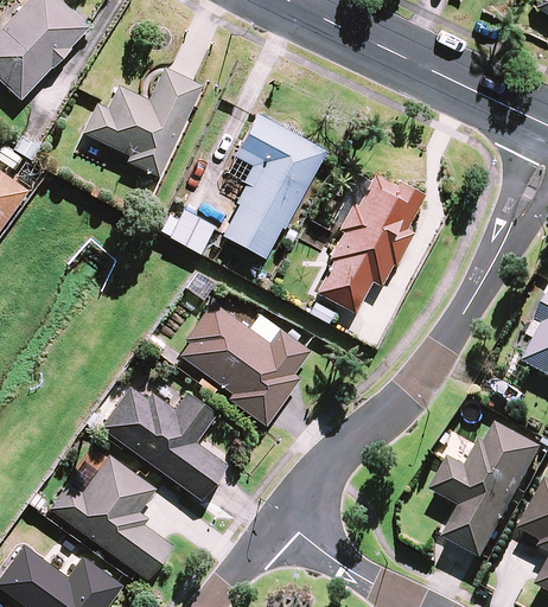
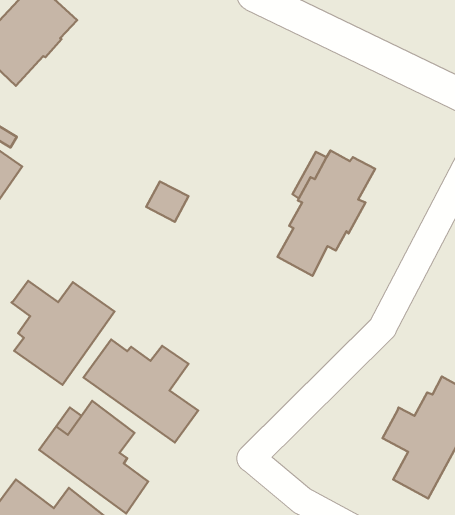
building: [82,66,202,177] -> none
building: [222,113,326,258] -> none
building: [179,301,310,427] -> none
building: none -> [11,281,114,385]

